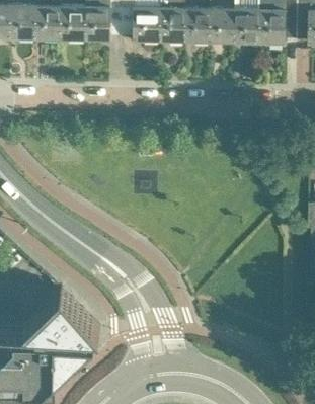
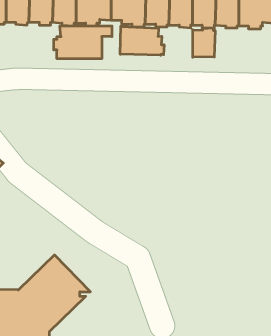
building: none -> [54,26,112,59]
building: none -> [120,26,164,55]
building: none -> [193,28,215,57]

